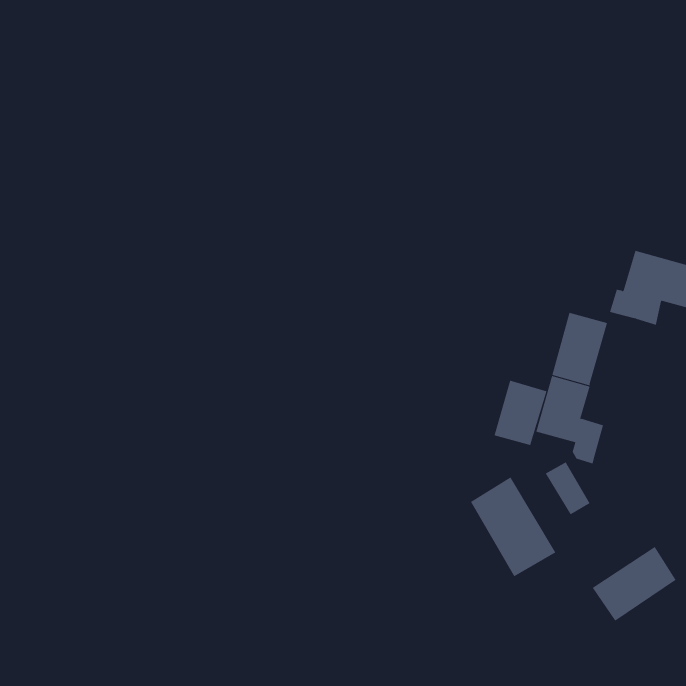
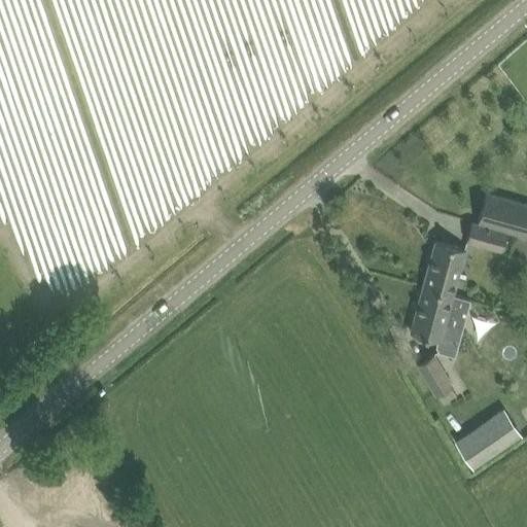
building: [494,380,547,446] -> none
building: [470,477,556,577] -> none

